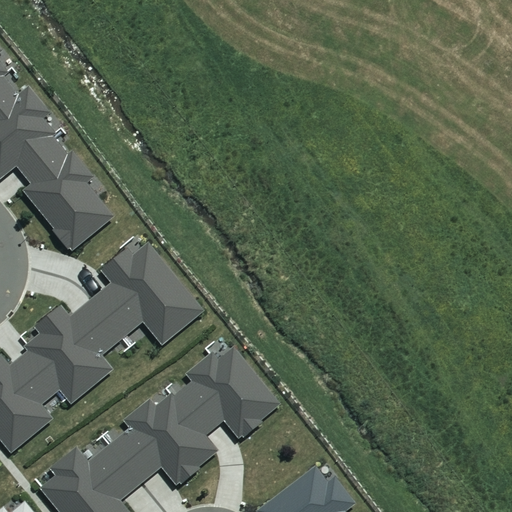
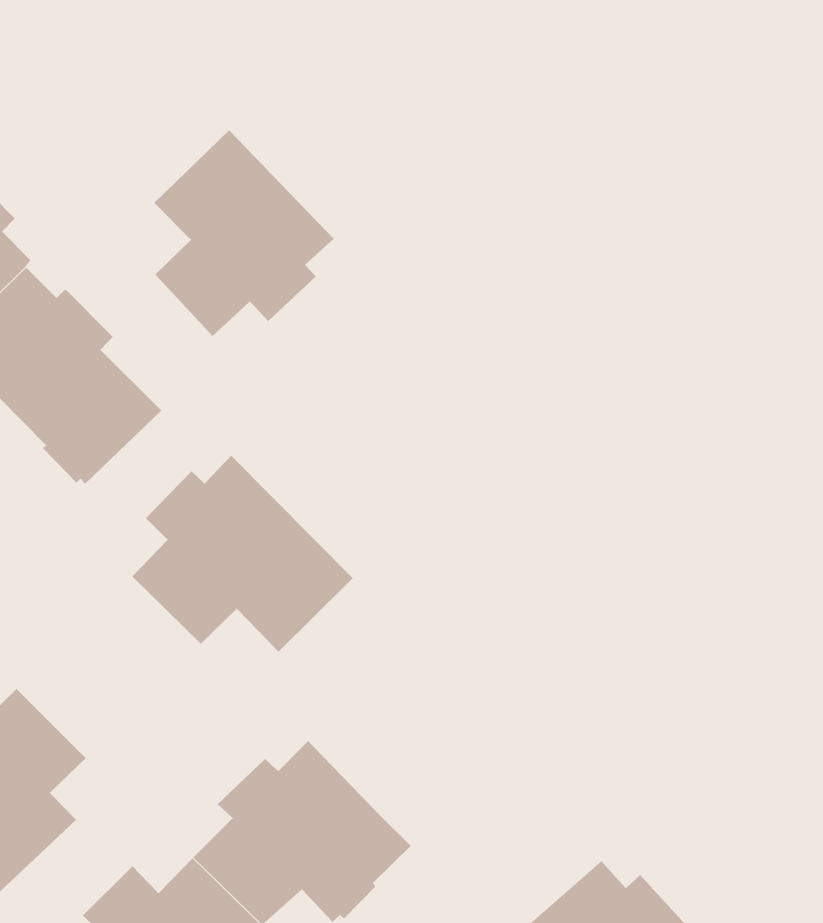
building: none -> [153,130,334,337]
building: [23,300,122,405] -> none
building: [174,346,280,439] -> none

